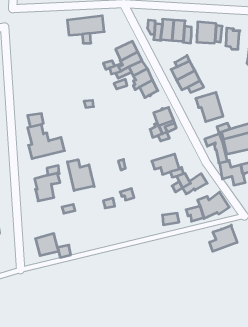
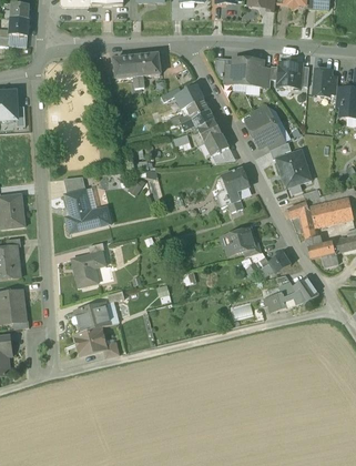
building: [67,160,94,191] -> none
building: none -> [75,301,111,331]
building: [210,225,237,251] -> none

